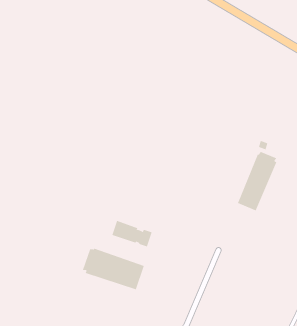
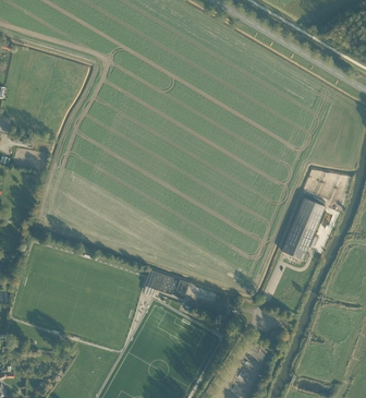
building: [82,248,144,290] -> none

